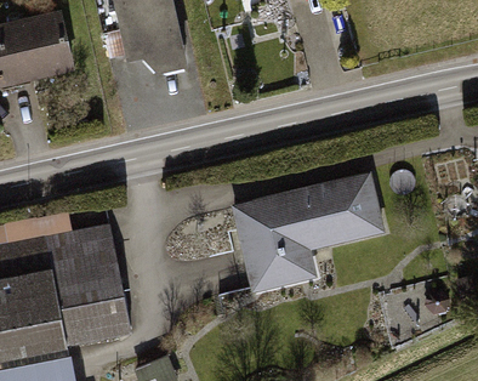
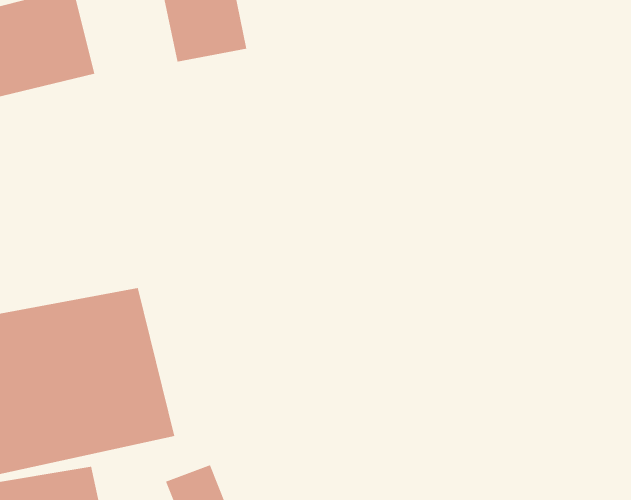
building: [226,174,382,294] -> none

